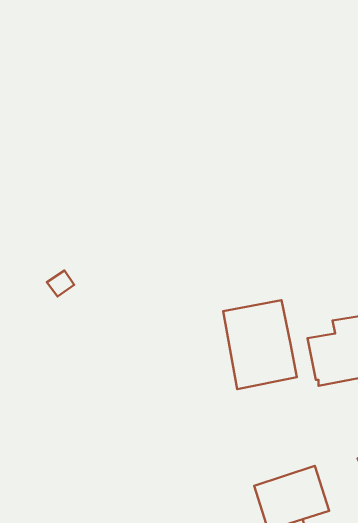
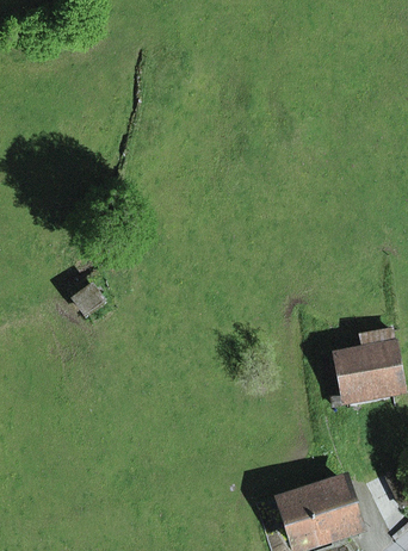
building: [223,300,297,389] -> none

